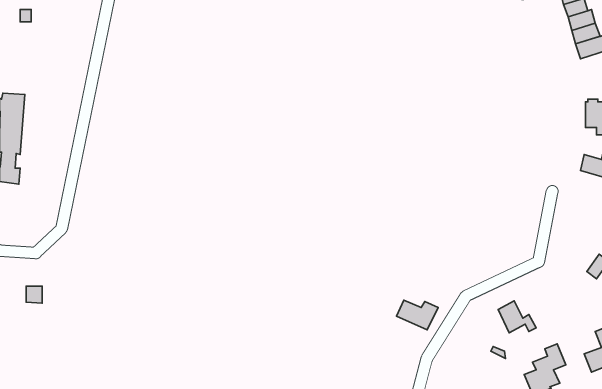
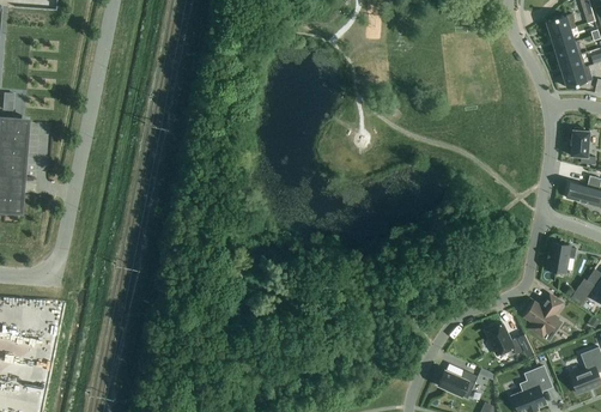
building: none -> [547,243,576,273]
building: none -> [524,295,563,338]
building: [396,300,438,330] -> [437,370,478,399]

